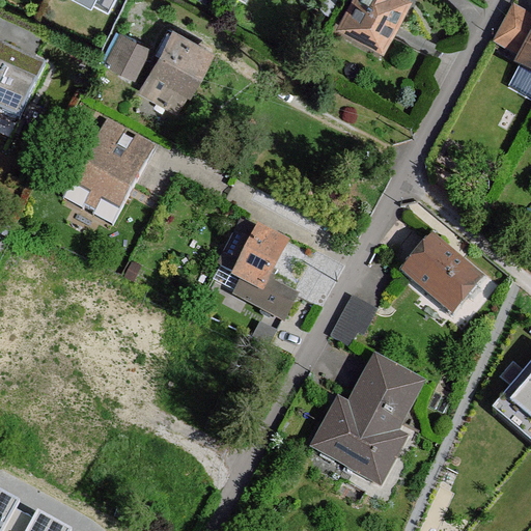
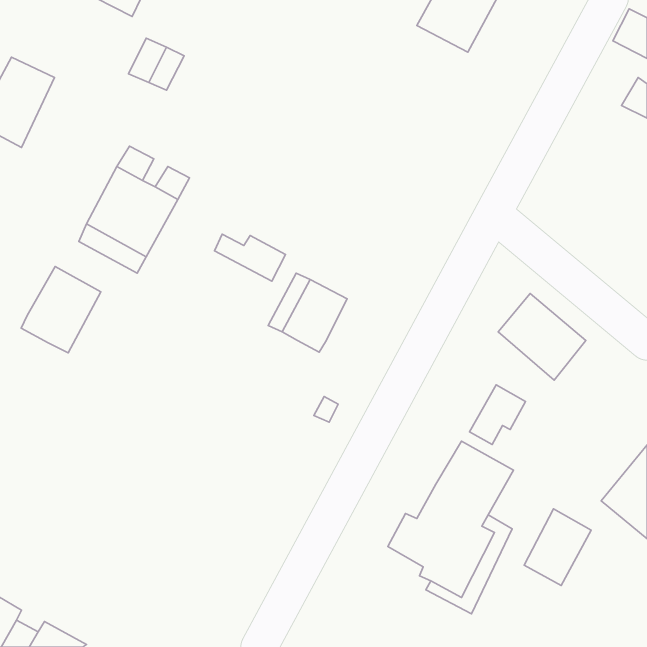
building: [143,31,203,104] -> none
building: none -> [21,267,101,353]
building: [236,278,295,316] -> [214,234,286,281]
building: [330,297,375,345] -> [469,385,525,445]
building: none -> [524,509,591,585]

